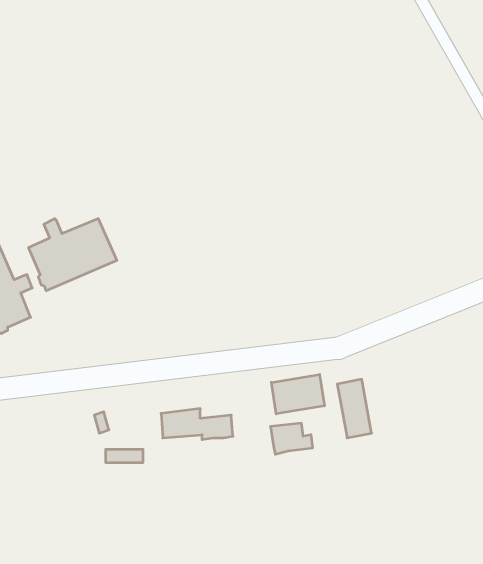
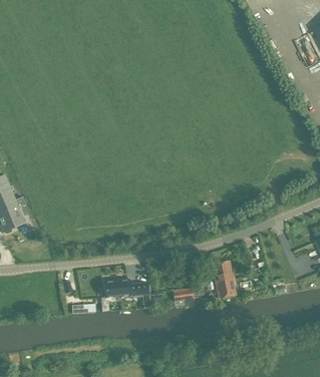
building: [29,219,117,291] -> none
building: [271,374,324,414] -> none

